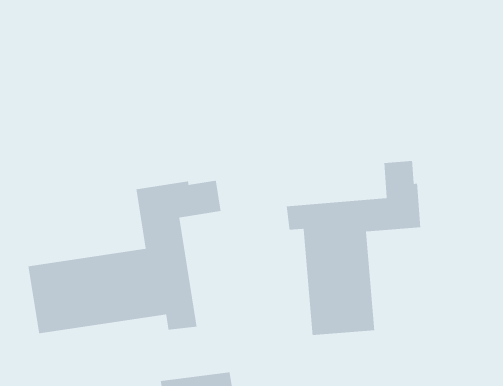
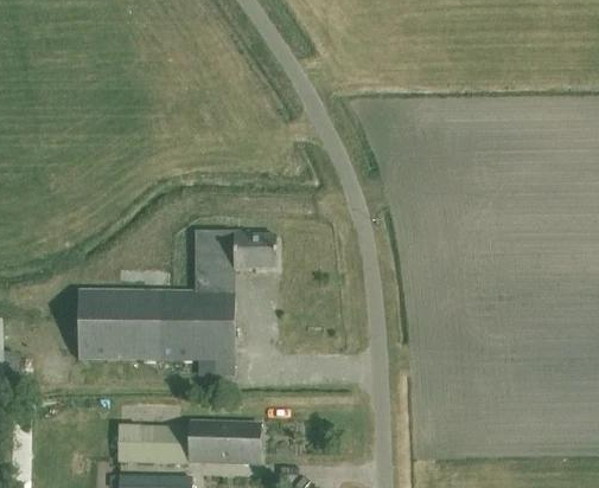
building: [286,160,421,336] -> none

